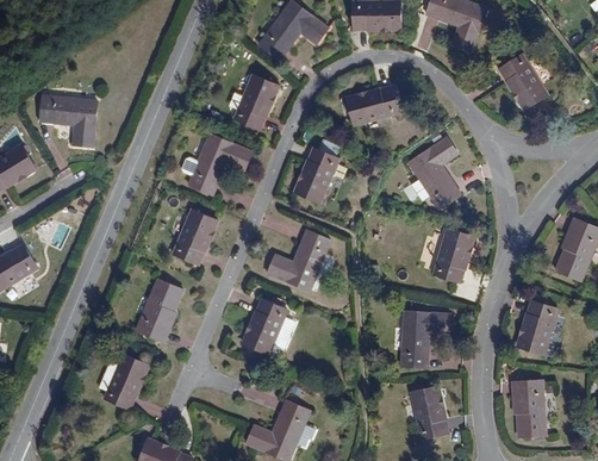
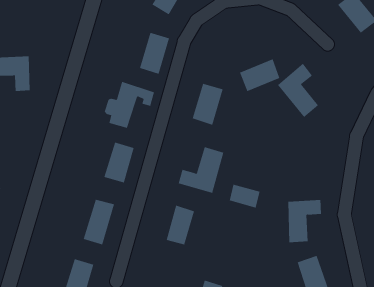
building: [347,83,399,123] -> [239,59,280,92]
building: [435,231,471,285] -> none
building: none -> [229,184,260,208]

